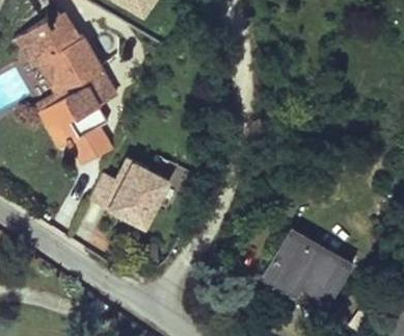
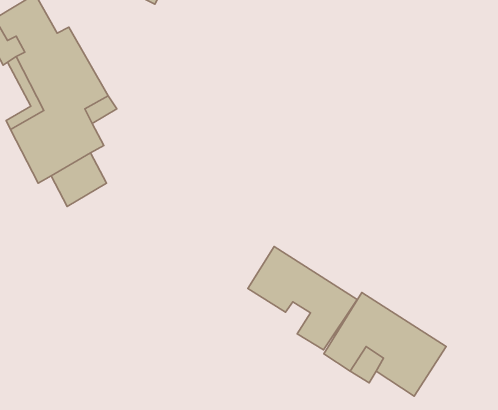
building: [87,157,171,230] -> none
building: none -> [248,246,357,350]

